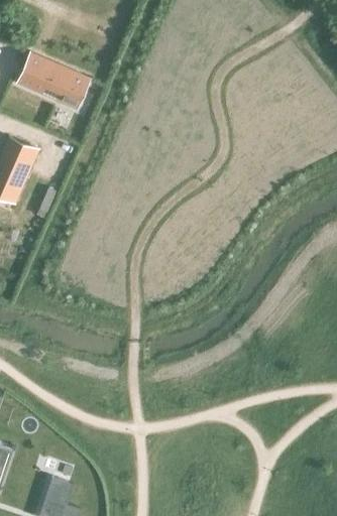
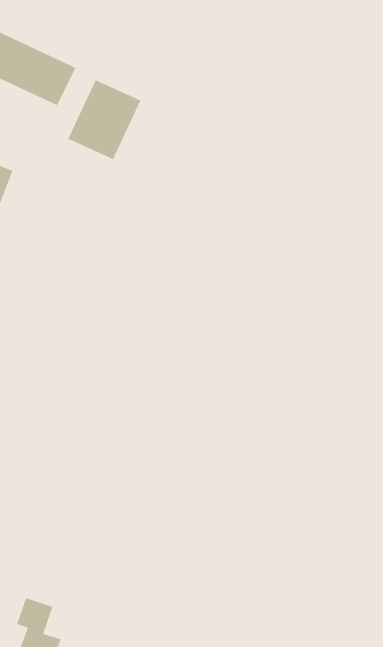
building: none -> [67,79,141,160]

